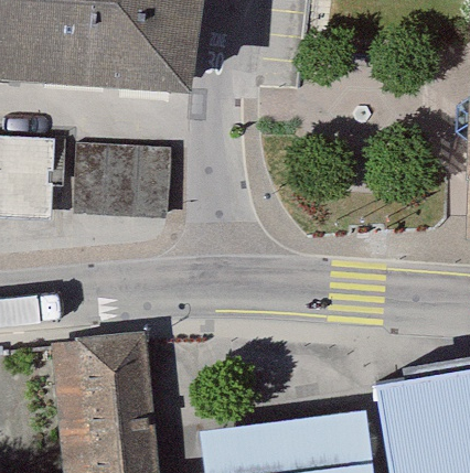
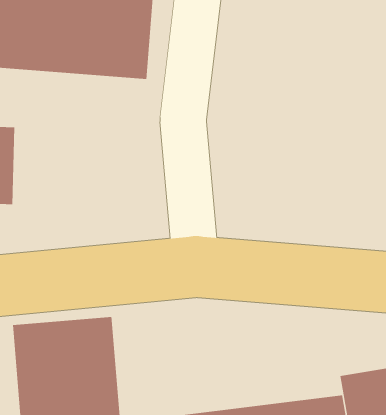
building: [71,142,169,214] -> none

